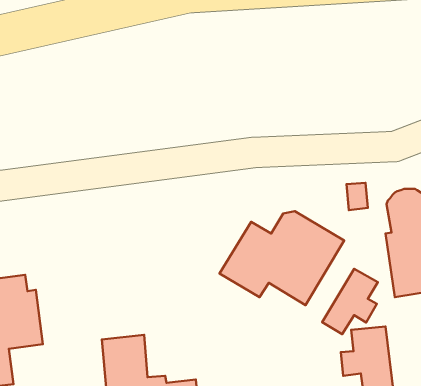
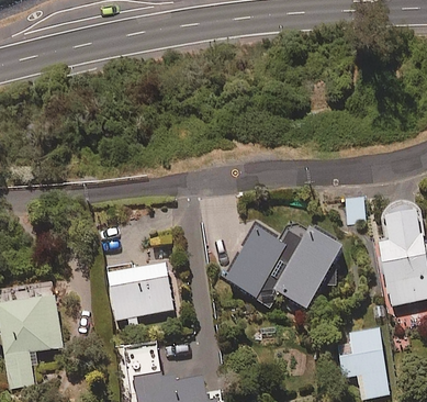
building: none -> [108,263,175,324]
building: [322,269,378,334] -> none

